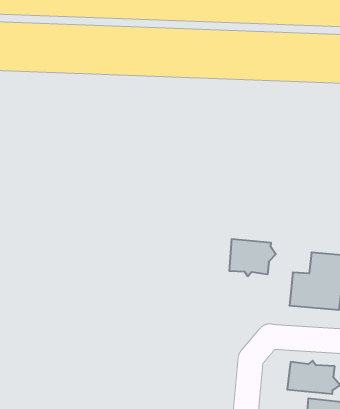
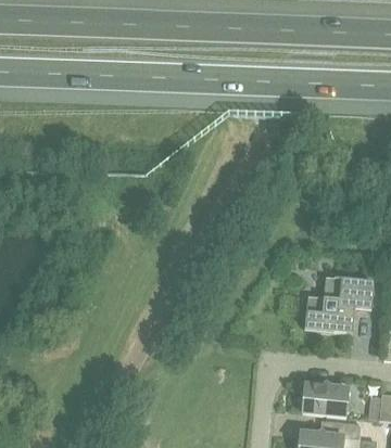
building: [229,239,276,276] -> none

